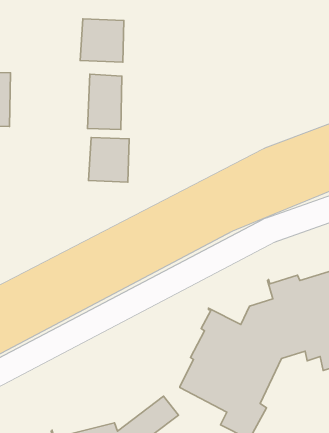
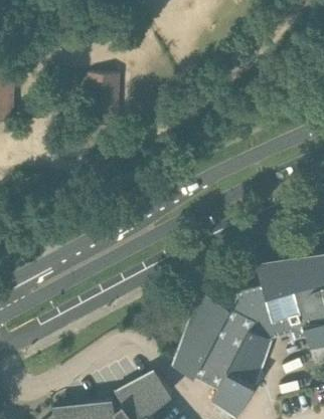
building: [80,19,124,62] -> none
building: [89,137,129,182] -> none

